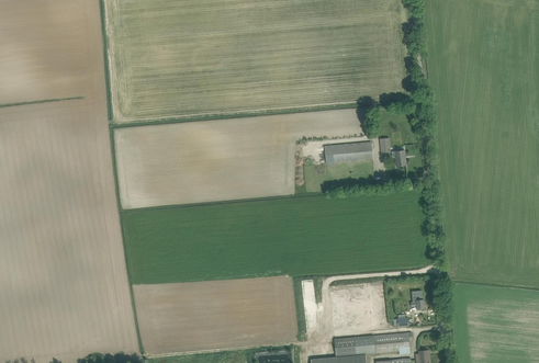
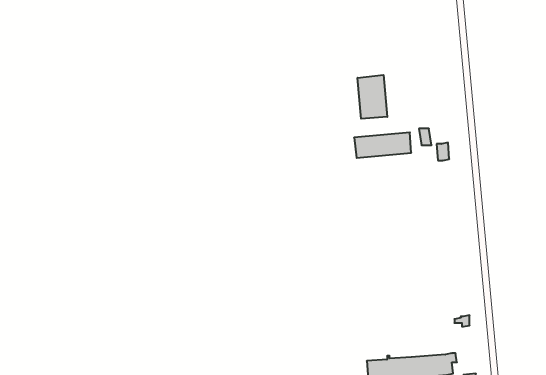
building: none -> [358,75,387,119]

